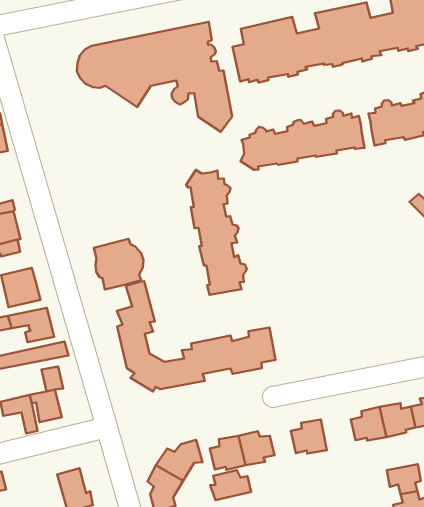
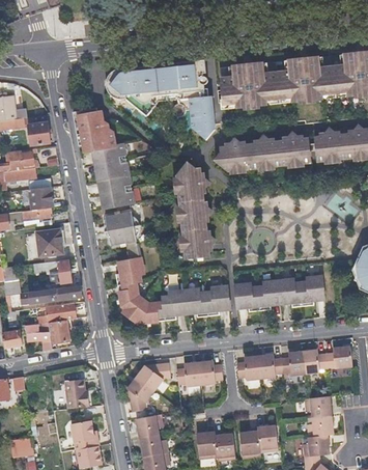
building: none -> [74,110,135,211]
building: none -> [235,277,325,313]
building: none -> [259,356,283,381]
building: [210,470,251,500] -> none

